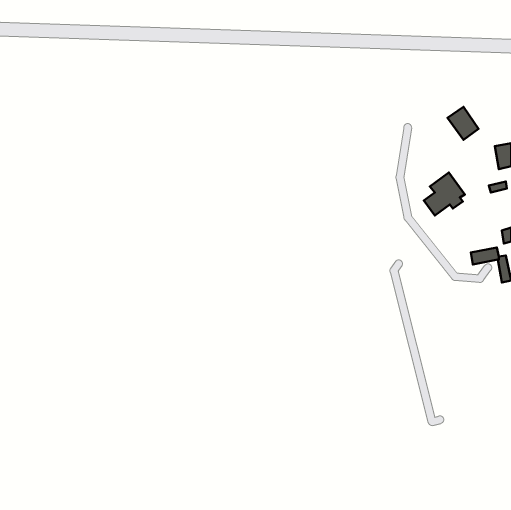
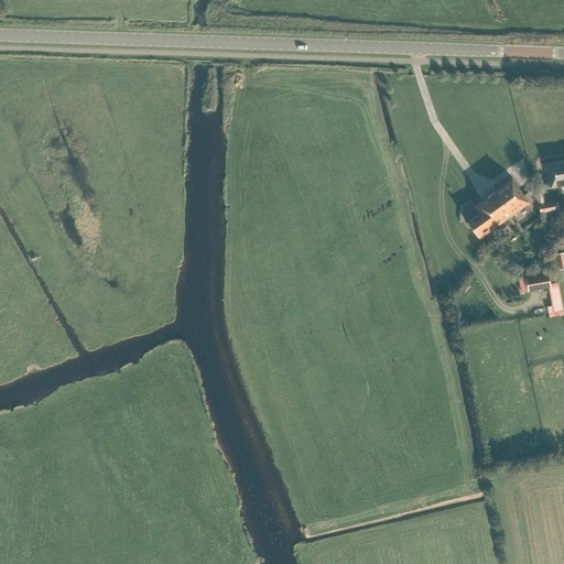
building: [447,107,478,140] -> [494,177,528,214]

